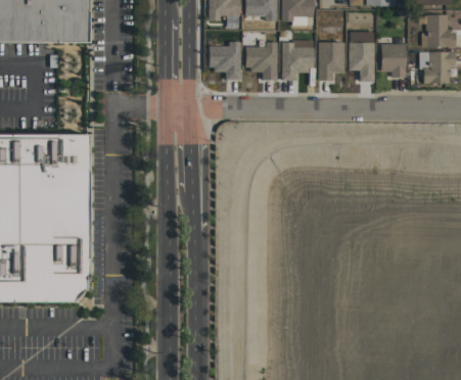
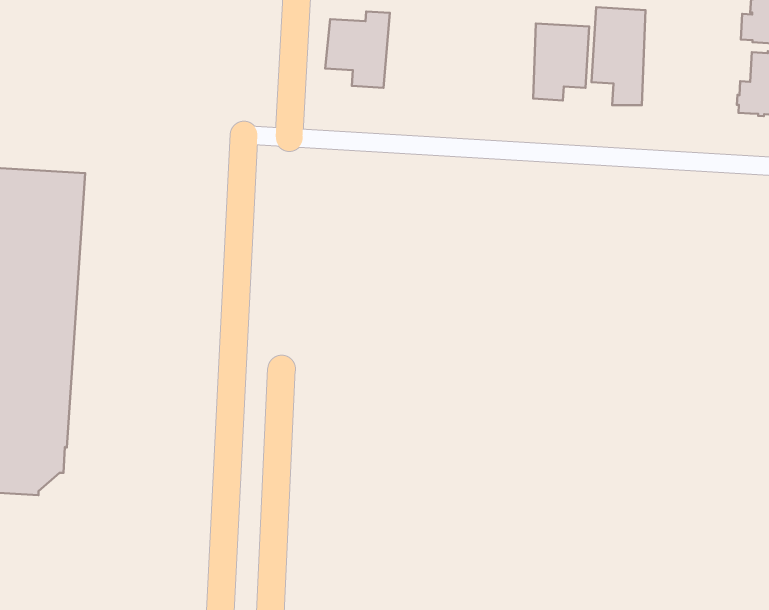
building: [281,42,314,82] -> none
building: [245,43,277,81] -> none
building: [382,43,408,77] -> none

